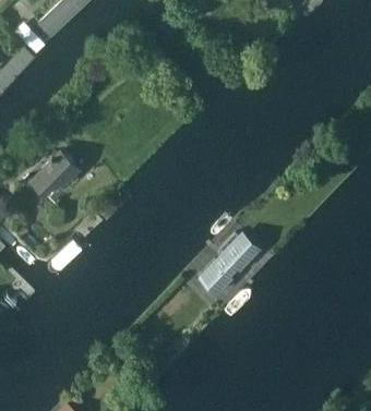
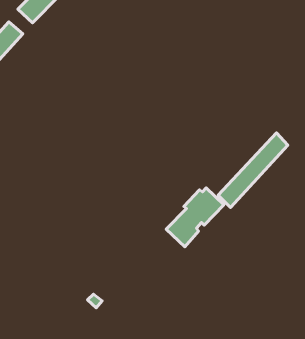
building: [32,149,79,193] -> none
building: none -> [218,133,288,207]

